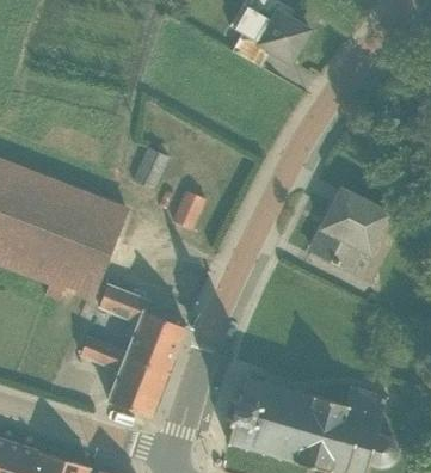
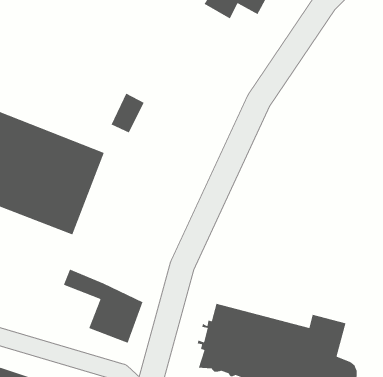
building: [307,185,393,274] -> none
building: [172,189,207,229] -> none
building: [99,282,186,371] -> none

